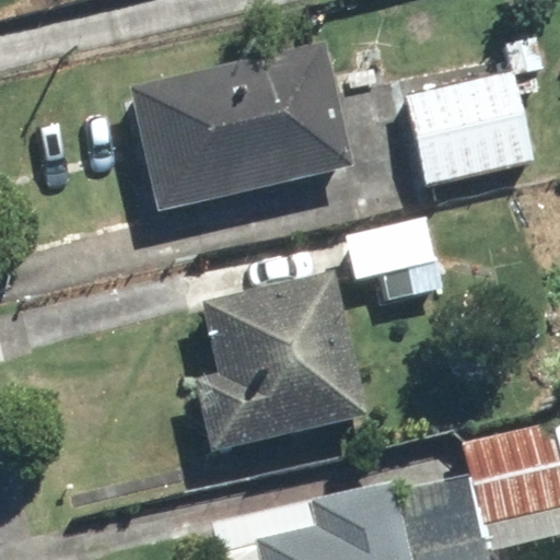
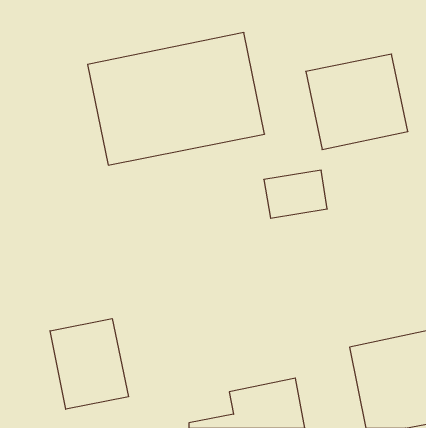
building: [191,275,366,458] -> none
building: none -> [50,319,128,409]

